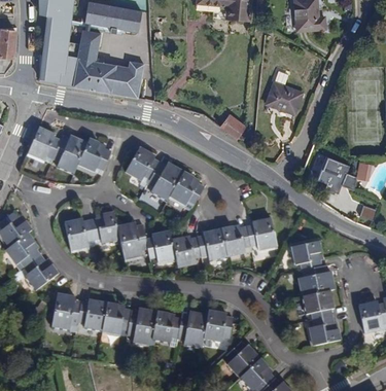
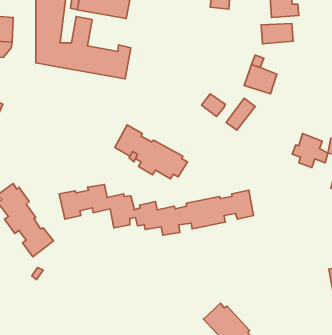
building: none -> [261,23,293,44]
building: none -> [226,98,255,130]
building: [28,128,111,174] -> none
building: [291,241,341,346] -> none
building: [52,293,234,348] -> none

